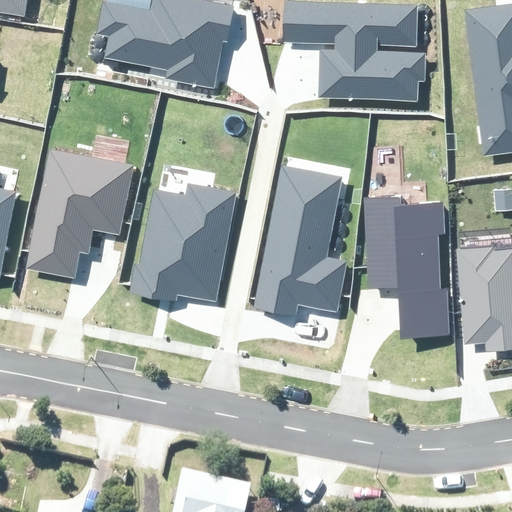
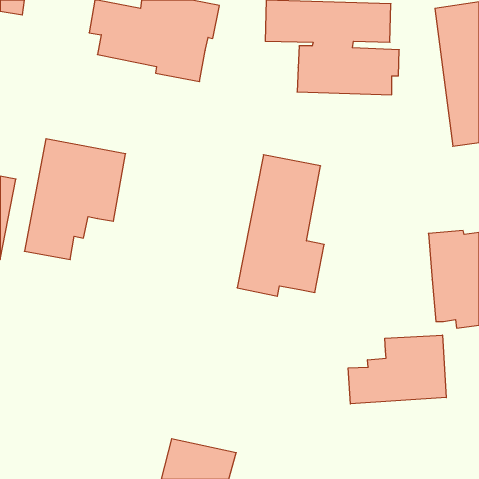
building: [130,183,237,302] -> none
building: [362,193,450,337] -> none
building: none -> [348,335,446,404]

